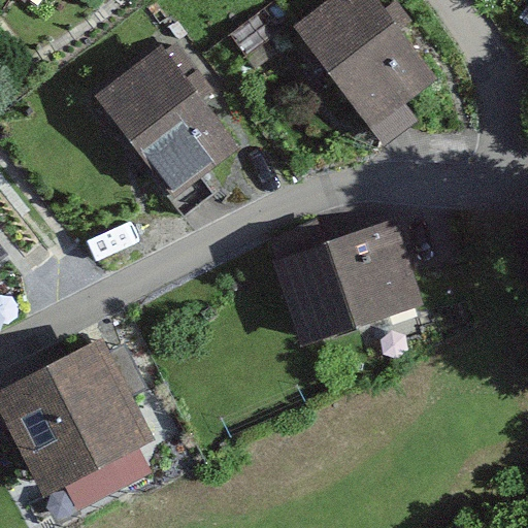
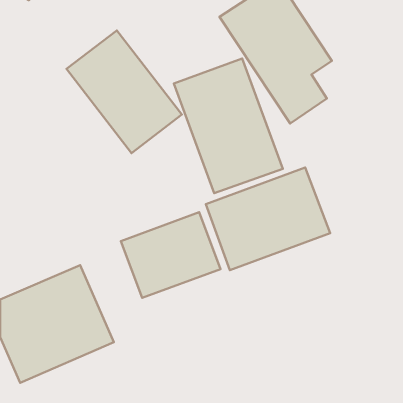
building: none -> [174,58,283,193]
building: none -> [121,212,221,298]

